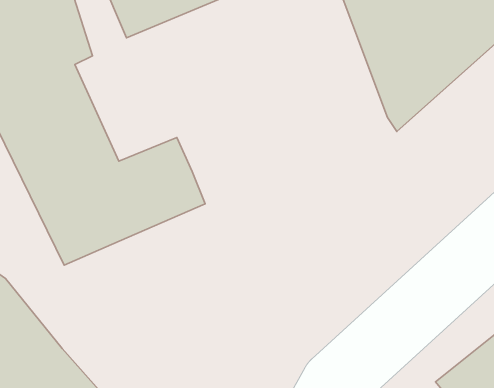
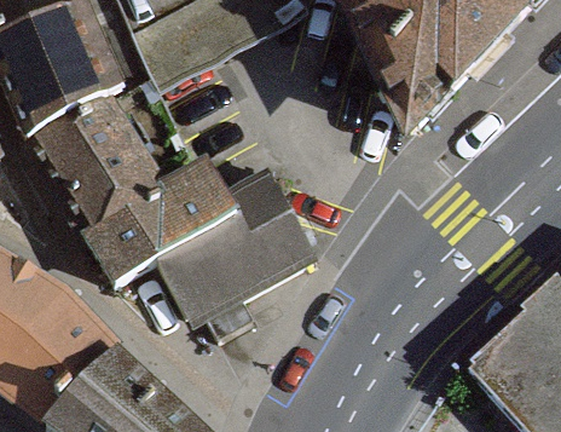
building: none -> [157,166,320,329]

